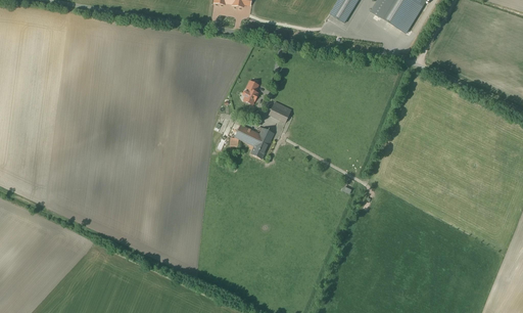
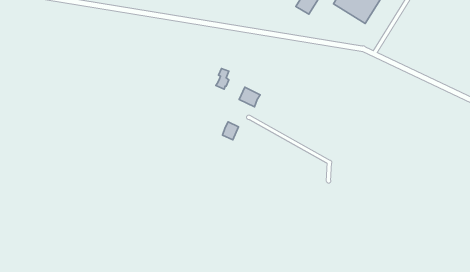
building: [233,125,273,145] -> none

